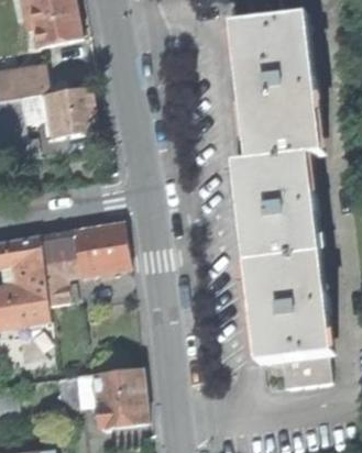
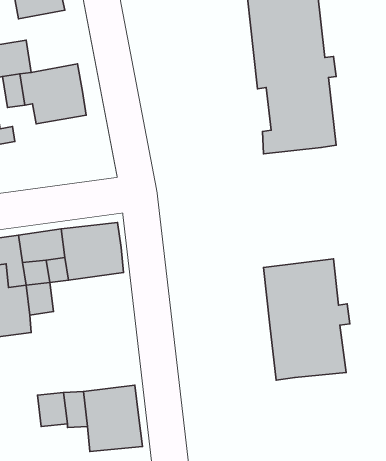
building: [242,158,317,264] -> none
building: [281,356,328,387] -> none

